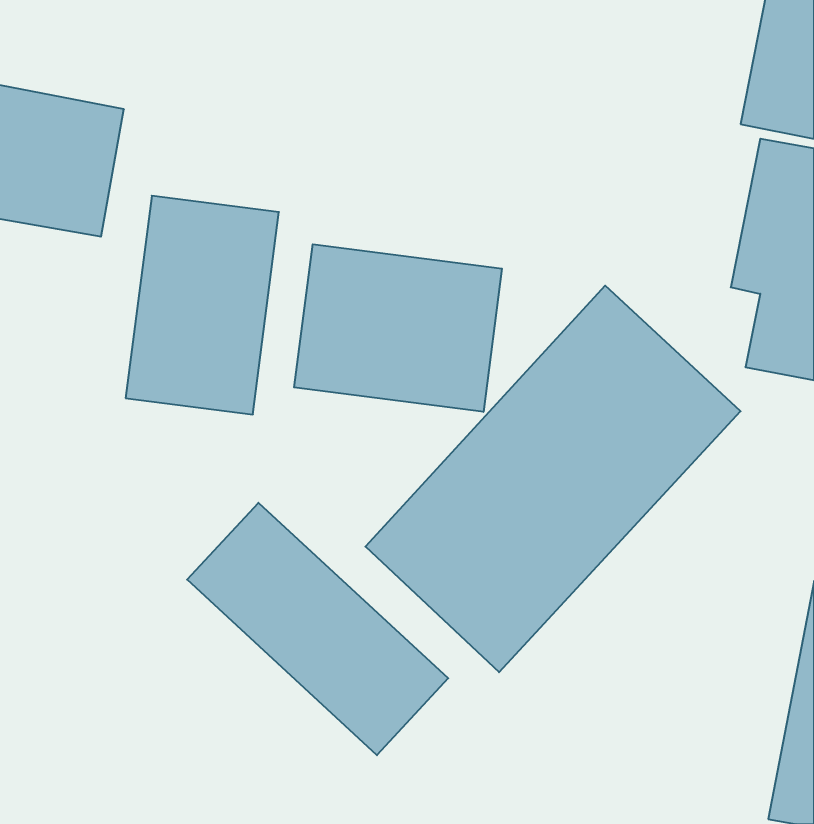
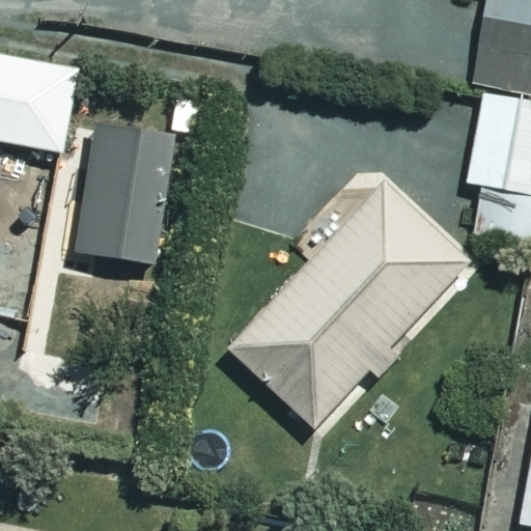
building: [294,244,502,412] -> none
building: [187,503,448,755] -> none

